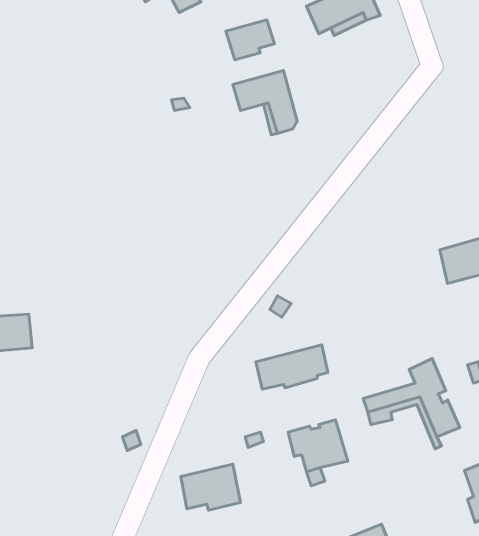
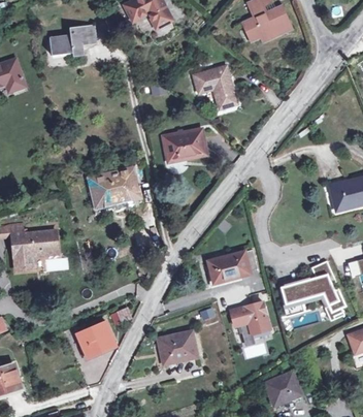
building: none -> [48,26,95,56]
building: [226,20,275,60] -> none
building: none -> [162,128,205,158]
building: none -> [90,170,138,205]
building: none -> [75,322,116,358]

